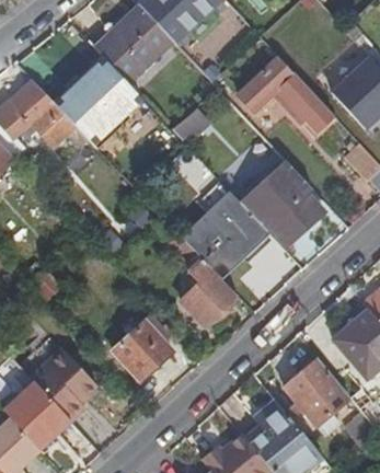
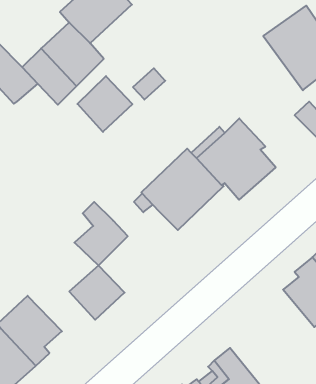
building: [240,59,331,132] -> none
building: none -> [77,76,132,132]
building: [181,258,237,325] -> [74,202,128,266]
building: [284,361,348,427] -> none

